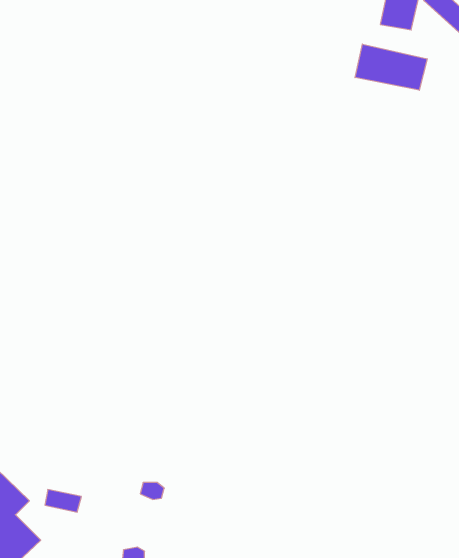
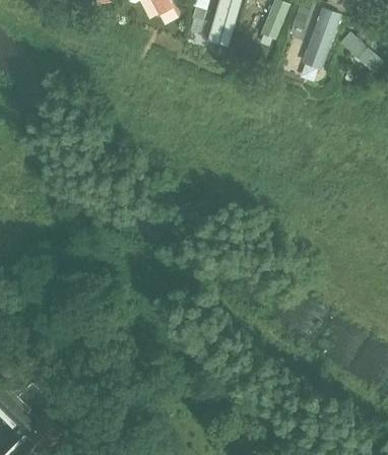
building: [355,44,427,90] -> none

